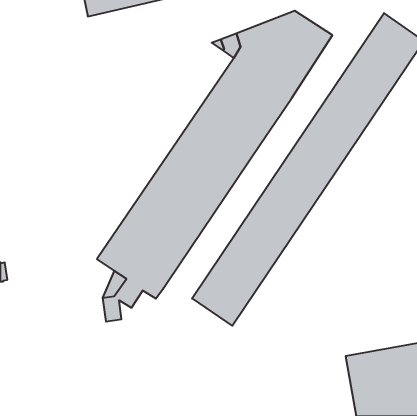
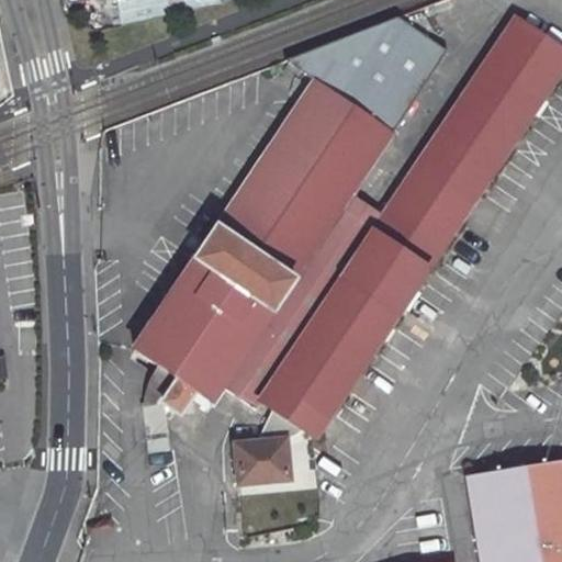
building: none -> [222,193,383,408]
building: none -> [235,436,288,479]

